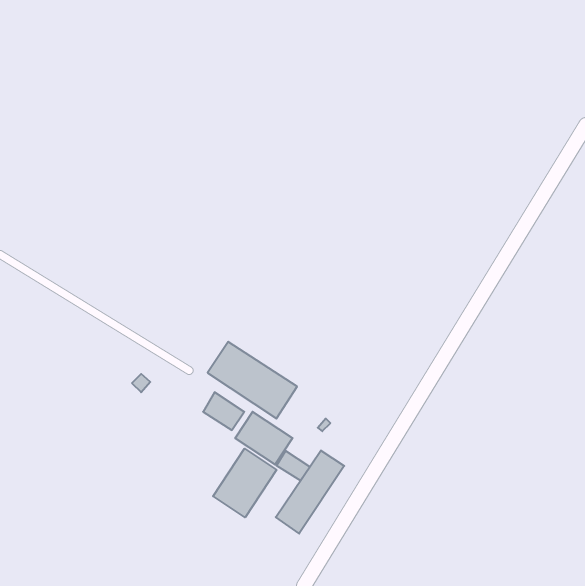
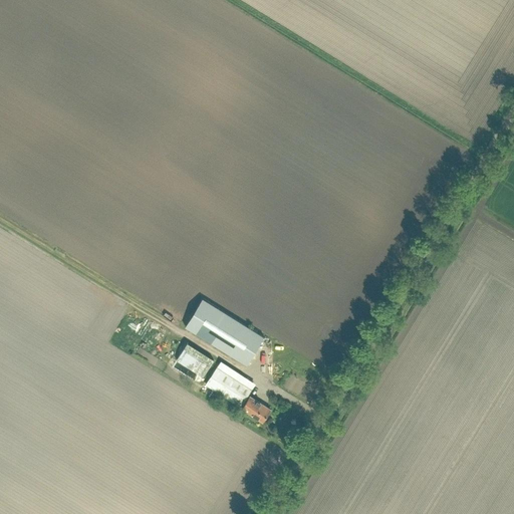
building: [213,449,276,517] -> none
building: [276,450,344,534] -> none

